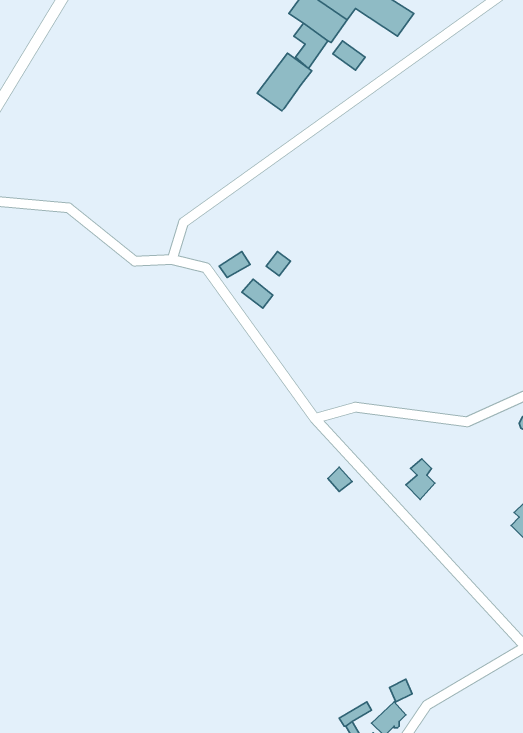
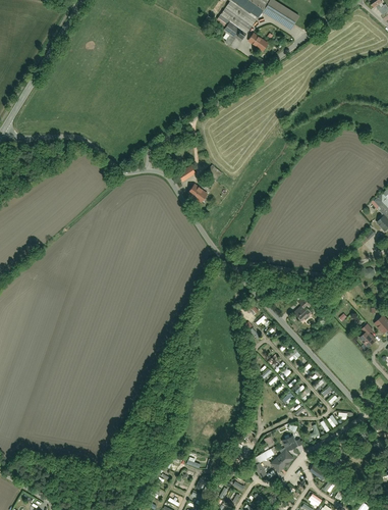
building: [257,53,312,111] -> none

